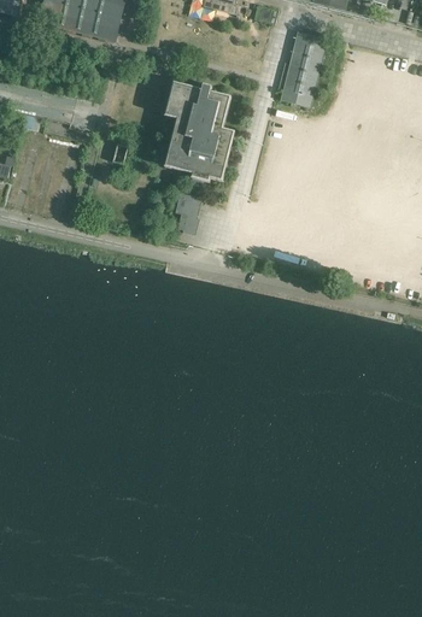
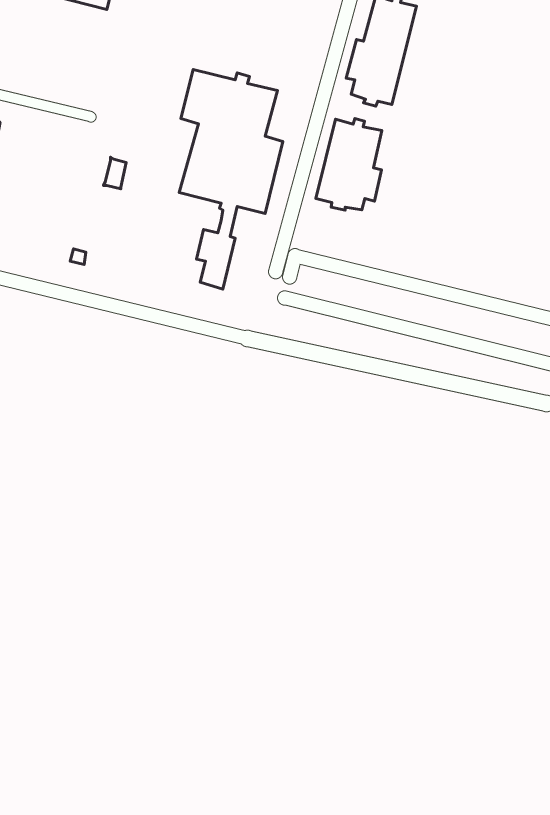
building: none -> [316,118,382,210]

